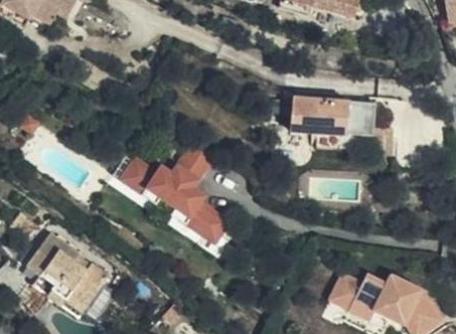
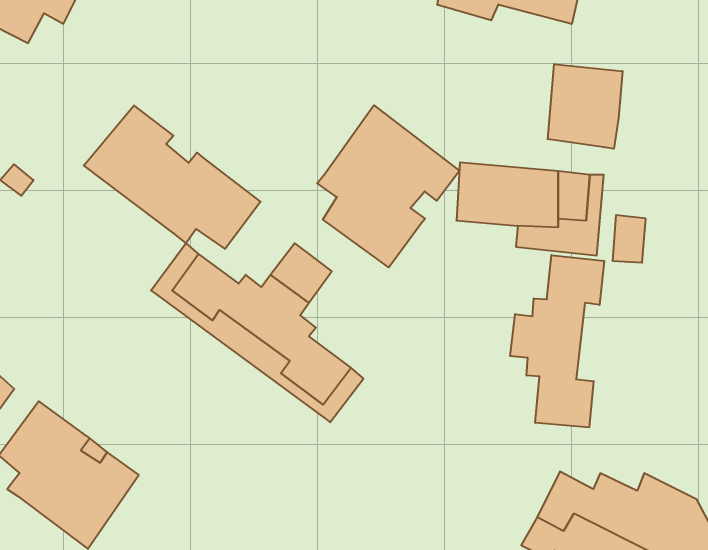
building: none -> [548,64,623,149]
building: none -> [317,105,459,267]
building: none -> [84,105,261,249]
building: none -> [510,255,604,427]

